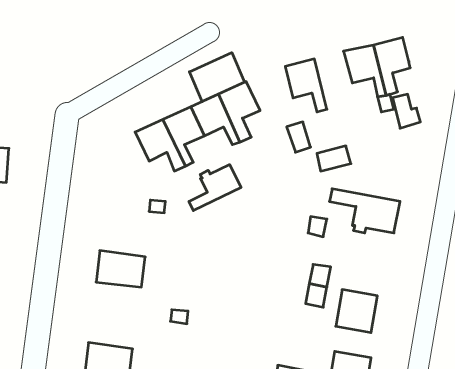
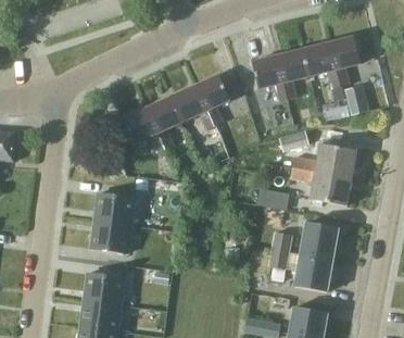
building: none -> [277,49,310,99]
building: [189,53,245,102] -> none
building: none -> [292,140,355,178]
building: [189,165,241,211] -> none
building: none -> [92,193,135,226]
building: none -> [301,223,337,260]
building: none -> [83,273,125,305]

